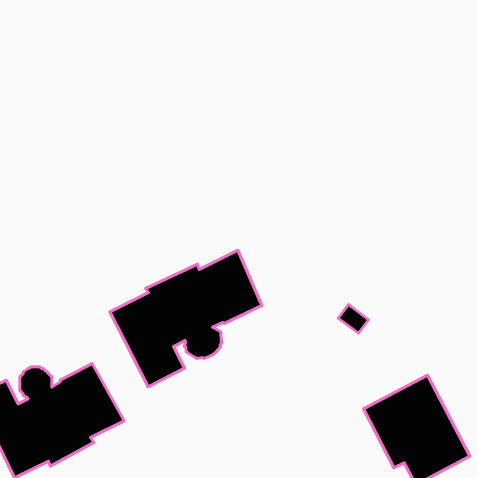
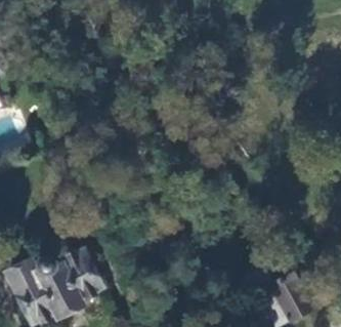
building: [110,250,262,387] -> none

